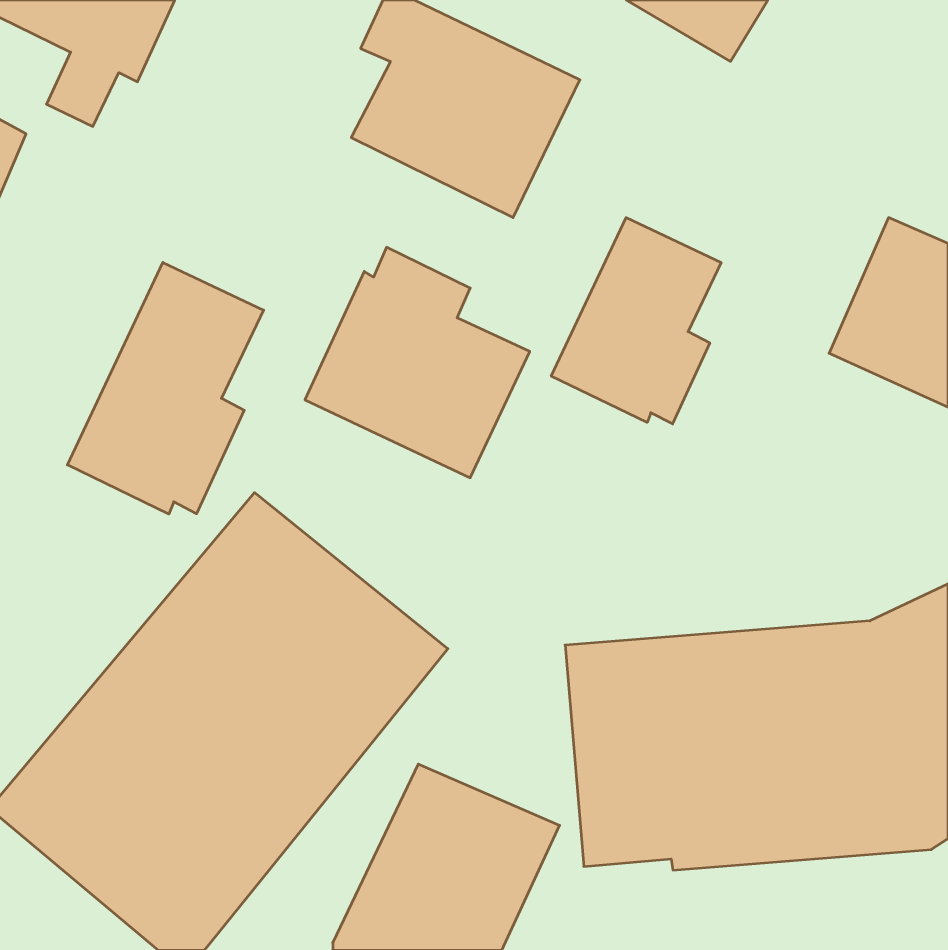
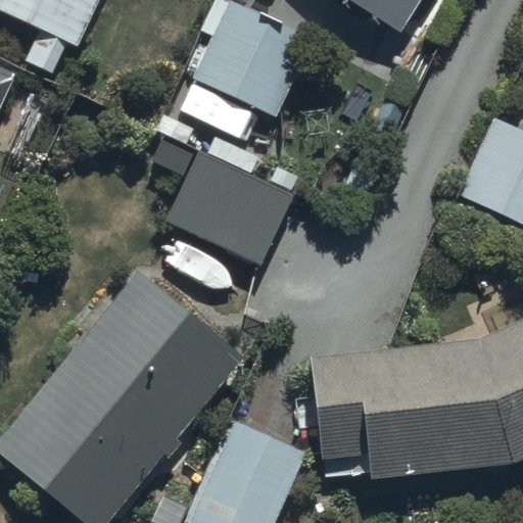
building: [551,218,721,424] -> none
building: [67,262,264,514] -> none

